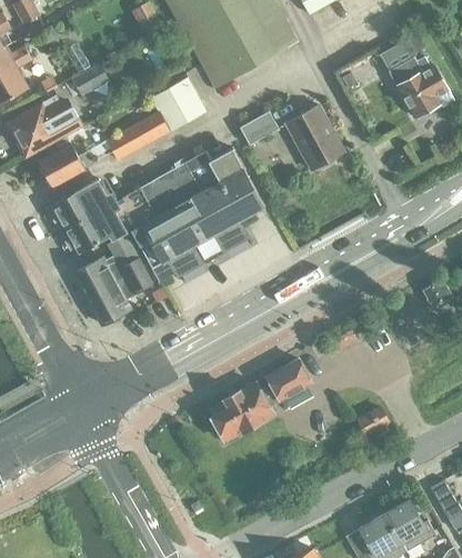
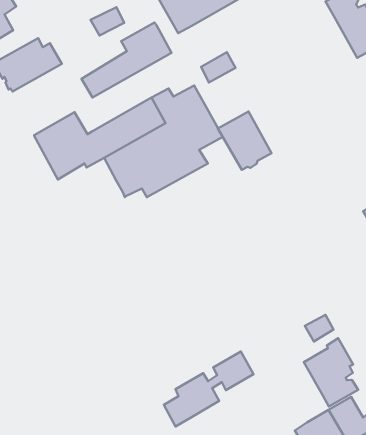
building: [71,64,109,97] -> [91,7,124,36]
building: [284,106,344,171] -> [218,112,271,170]
building: [38,143,94,188] -> none
building: [73,232,153,326] -> none
building: [212,358,313,442] -> [164,352,254,427]
building: none -> [304,338,358,406]

